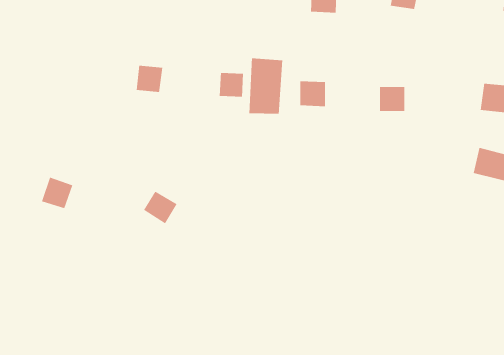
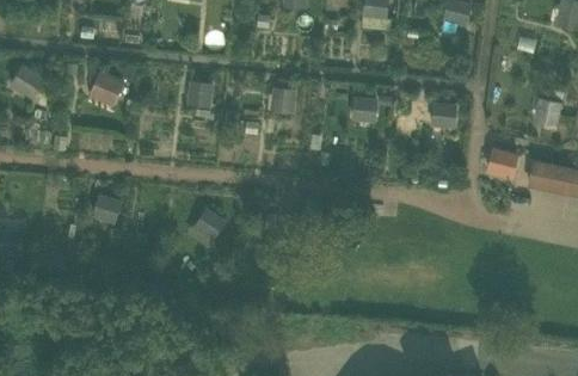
building: none -> [87,68,127,107]
building: [249,58,283,115] -> none
building: none -> [487,148,517,177]

